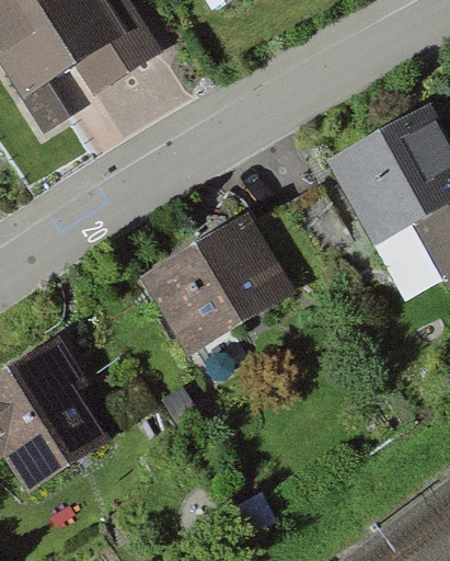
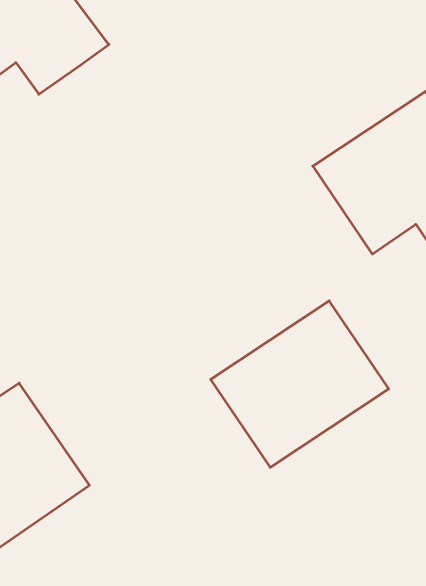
building: [138,210,297,356] -> [211,301,389,467]

